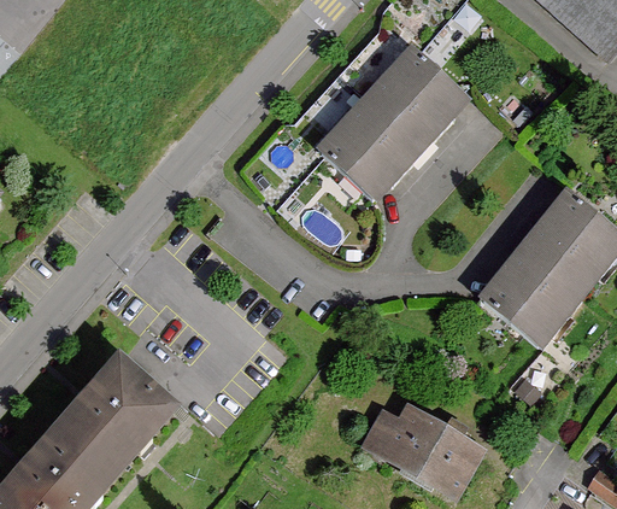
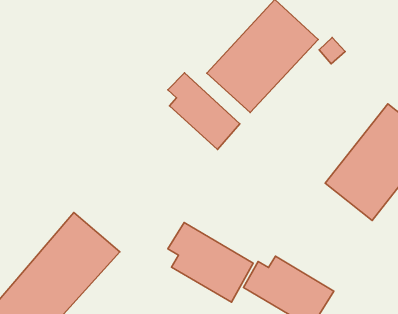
building: none -> [168,73,240,150]
building: none -> [168,222,253,302]

